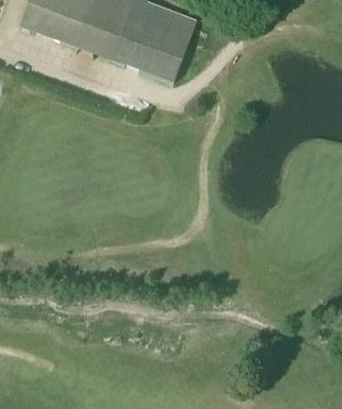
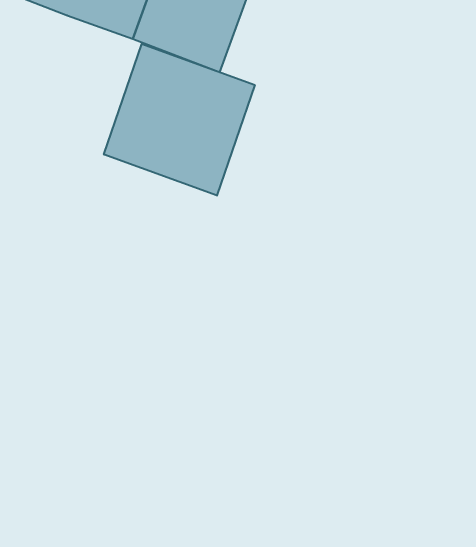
building: none -> [104,44,255,196]

